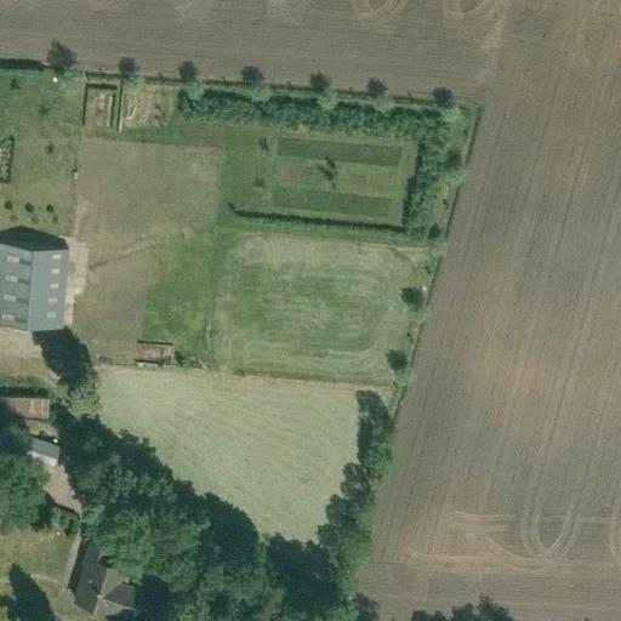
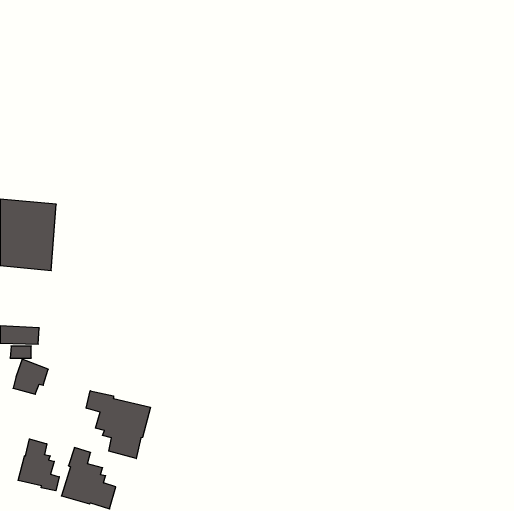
building: none -> [86,391,150,459]
building: none -> [18,439,59,491]

